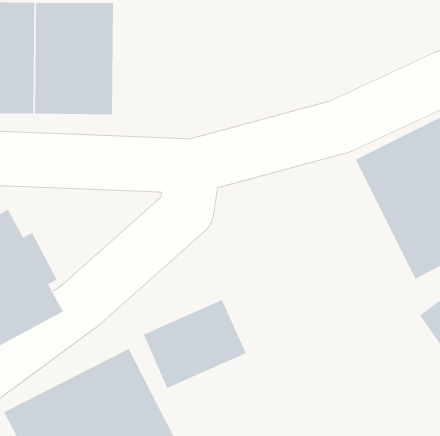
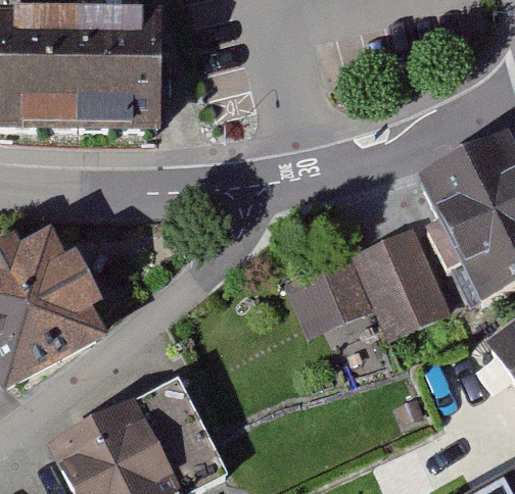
building: none -> [284,221,452,336]
building: [143,299,246,389] -> none

